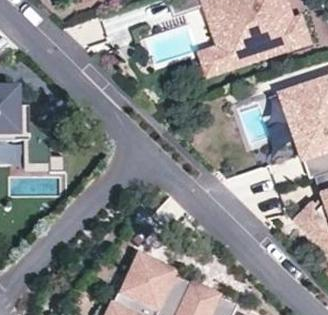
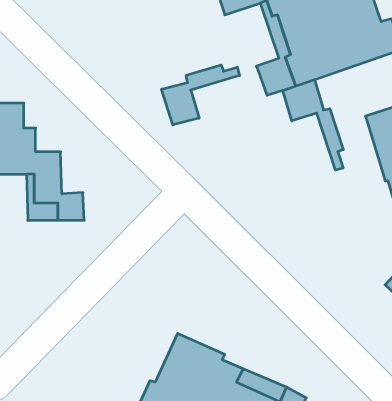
building: none -> [162,65,240,125]
building: none -> [283,80,343,170]

